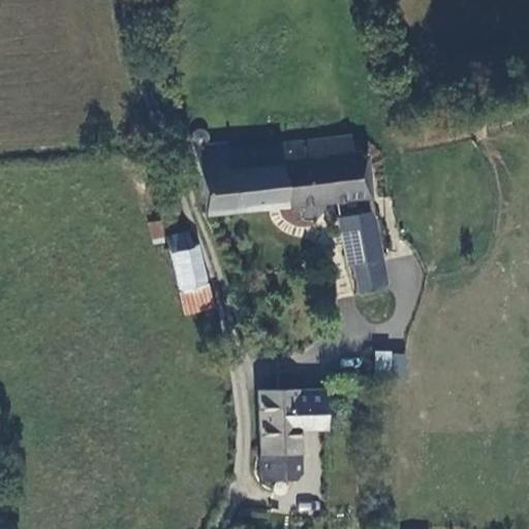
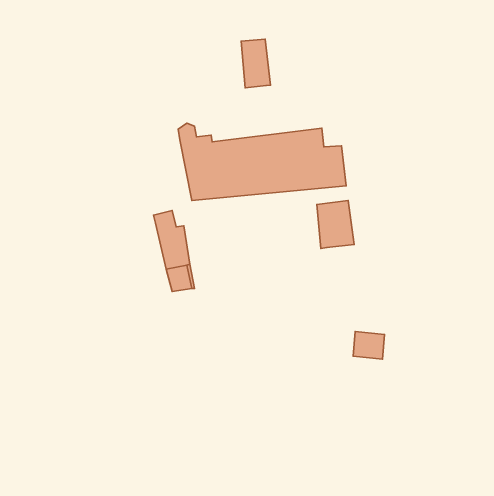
building: none -> [241,39,271,88]
building: [351,262,383,294] -> none
building: [261,387,325,480] -> none

